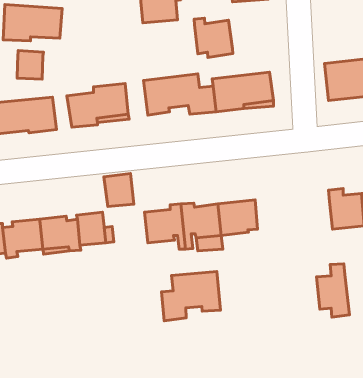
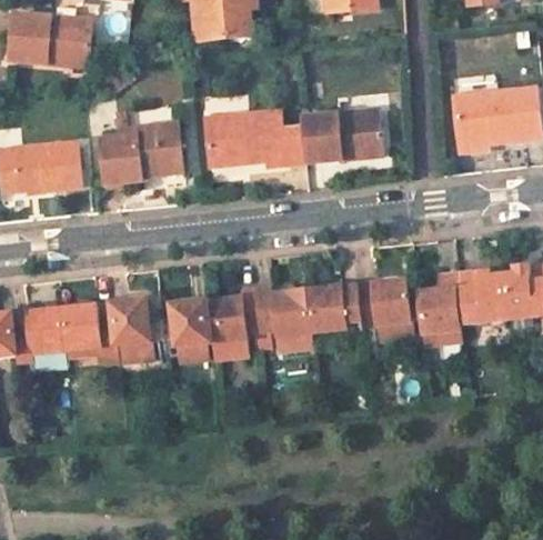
building: [194,18,233,58] -> none
building: [17,51,43,79] -> none
building: [104,173,134,207] -> [168,300,209,346]
building: none -> [356,279,410,327]
building: [316,264,350,317] -> [413,271,459,344]
building: [162,271,220,321] -> none

